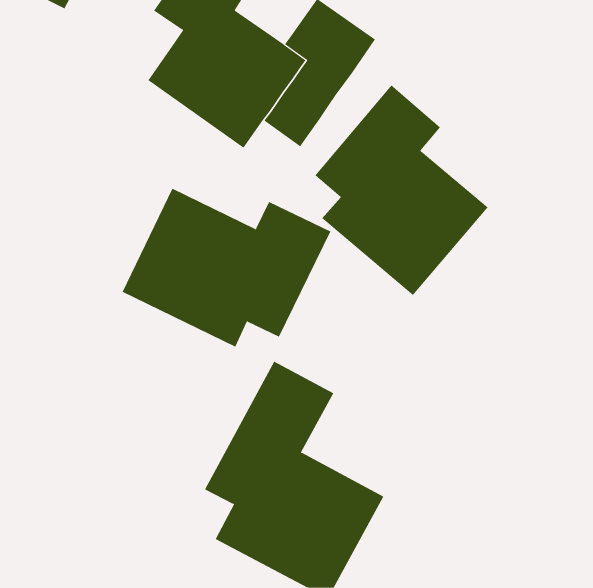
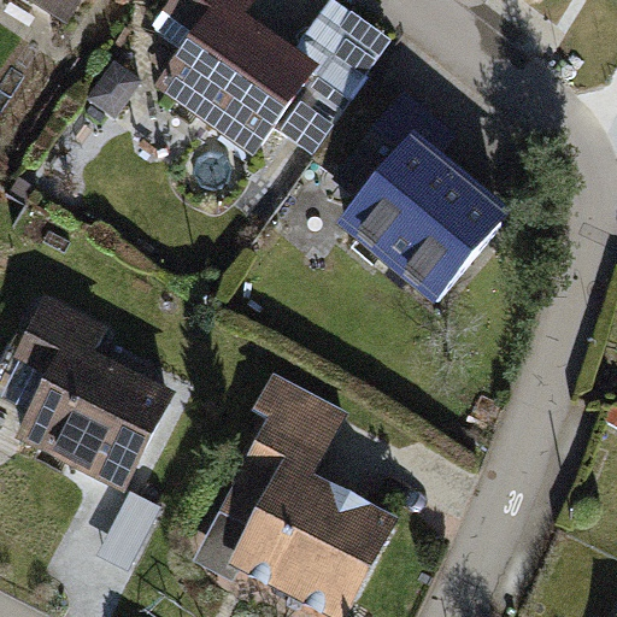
building: [122,188,331,347] -> none
building: none -> [18,310,177,495]

